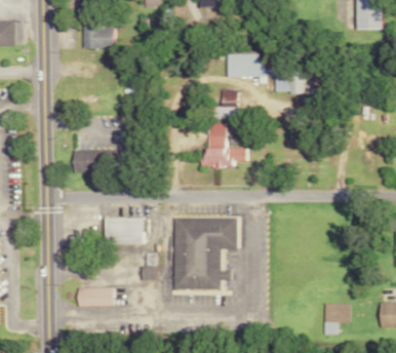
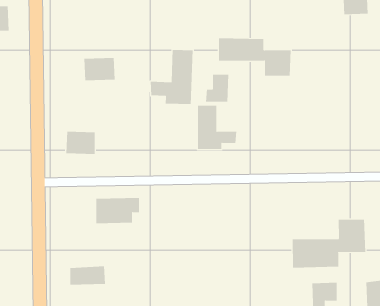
building: [83,25,116,48] -> [83,58,115,81]
building: none -> [150,49,193,105]
building: [172,218,237,288] -> none
building: none -> [292,219,366,269]

